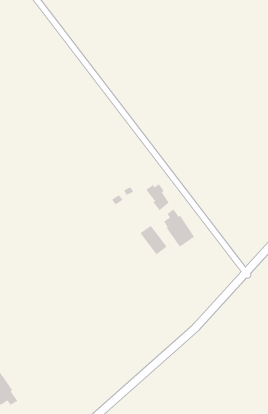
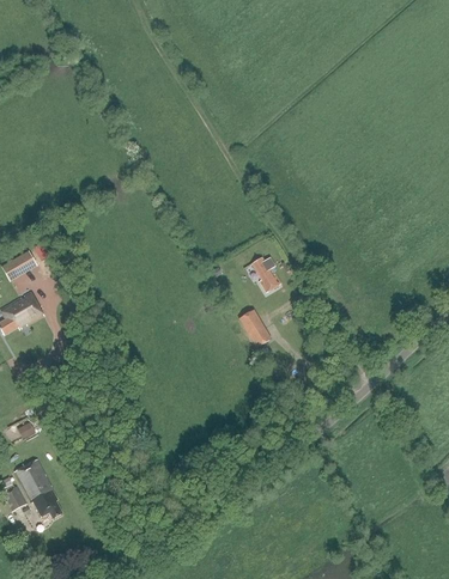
building: [163,208,195,248] -> none

